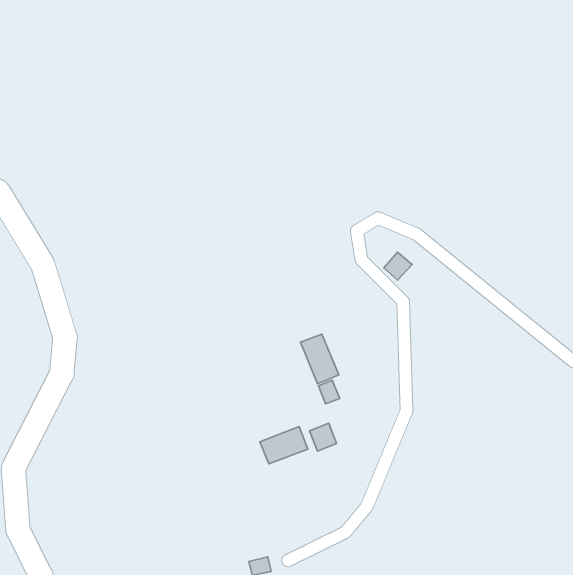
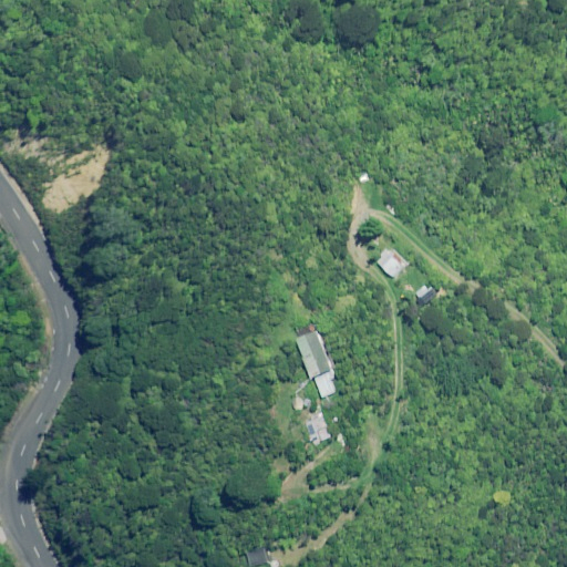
building: [260,427,308,464] -> none

